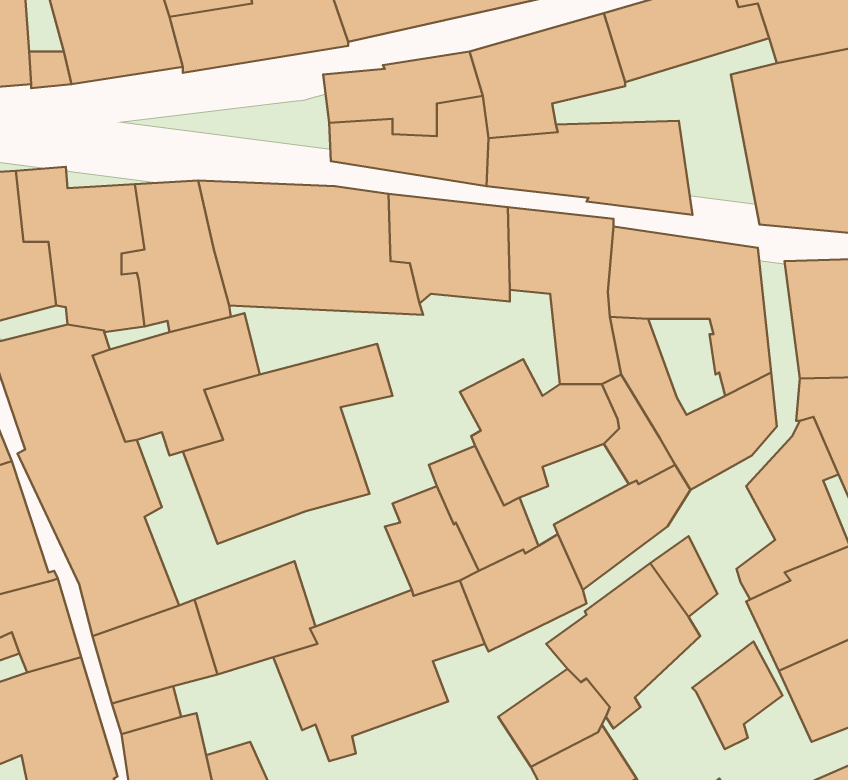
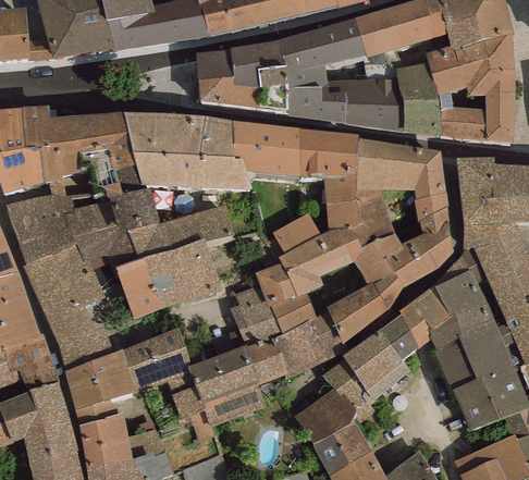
building: none -> [395,63,442,137]
building: [692,642,782,749] -> [399,285,451,346]

